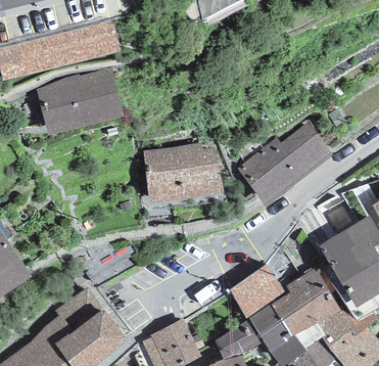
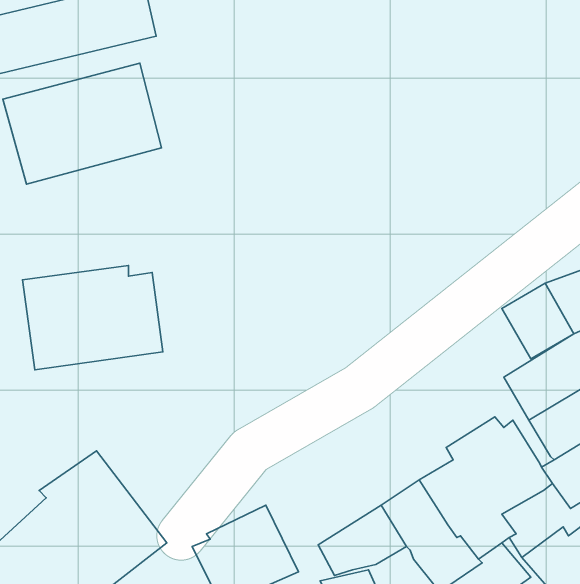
building: [235,123,333,208] -> none
building: [142,142,222,201] -> [22,265,163,370]
building: [228,266,286,319] -> none

